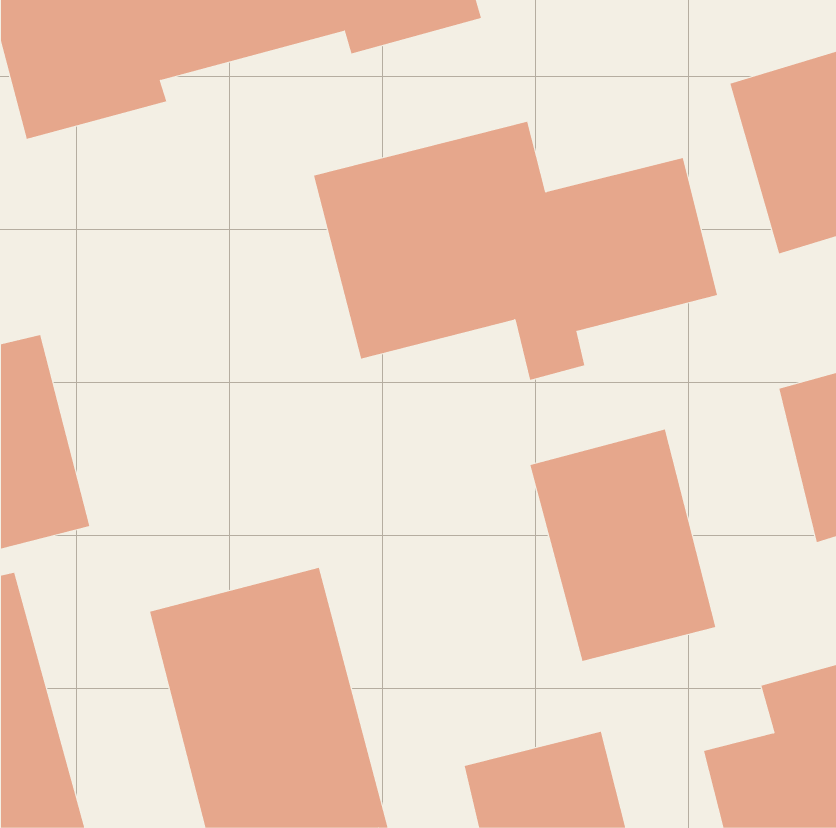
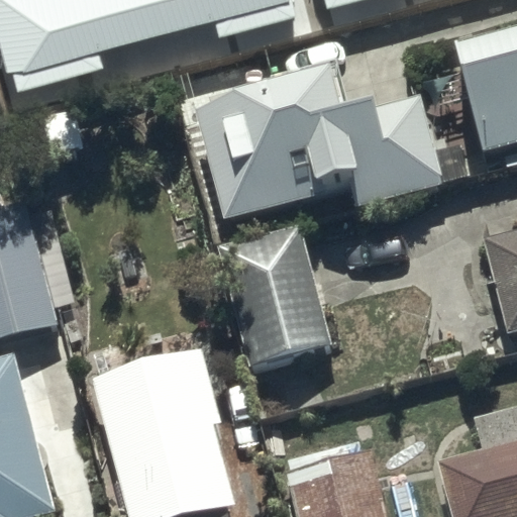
building: [529,429,716,662] -> [217,224,332,368]

